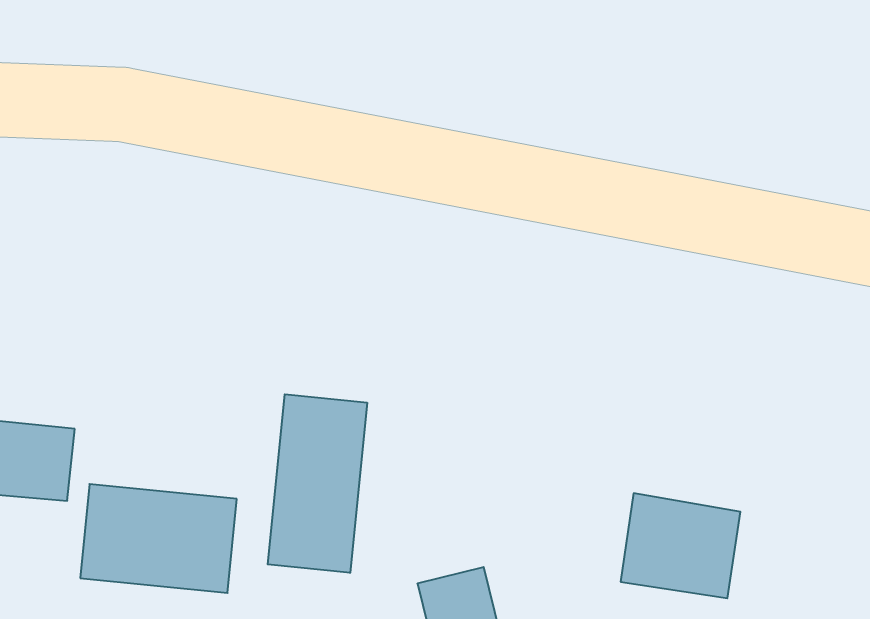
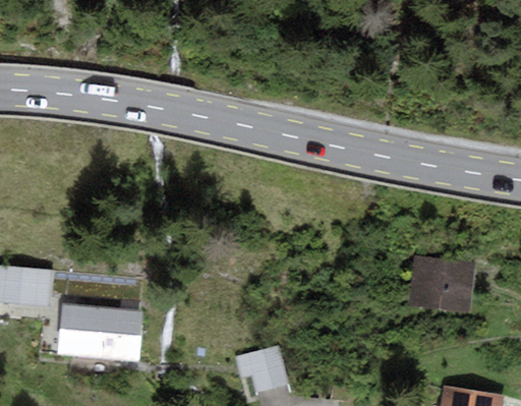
building: [268,394,367,573] -> none
building: [621,493,740,598] -> [408,253,474,311]

